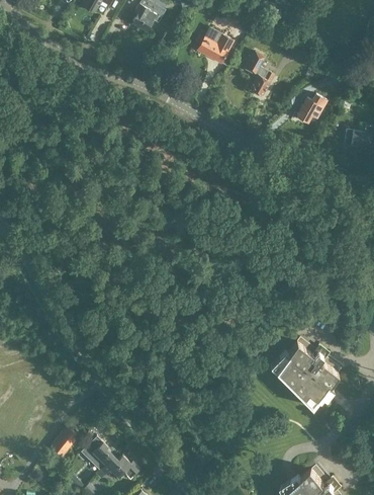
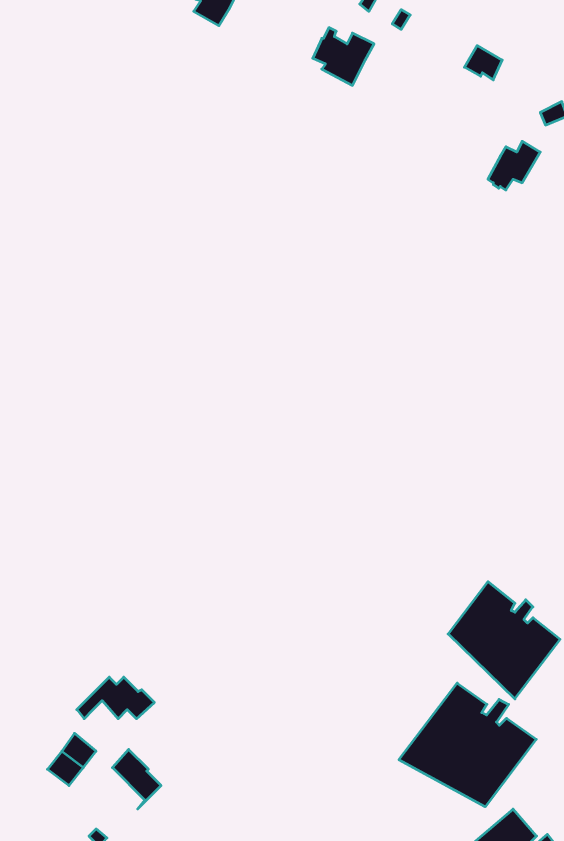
building: [244,52,273,97] -> none
building: none -> [399,683,536,807]
building: [95,457,138,480] -> [77,677,154,719]

